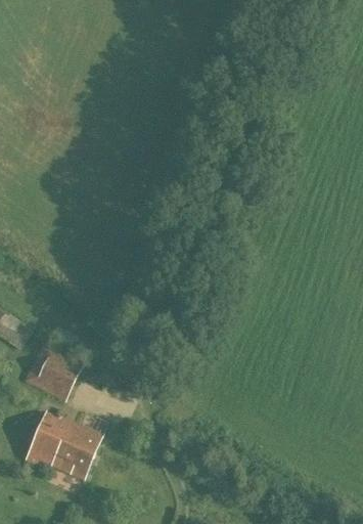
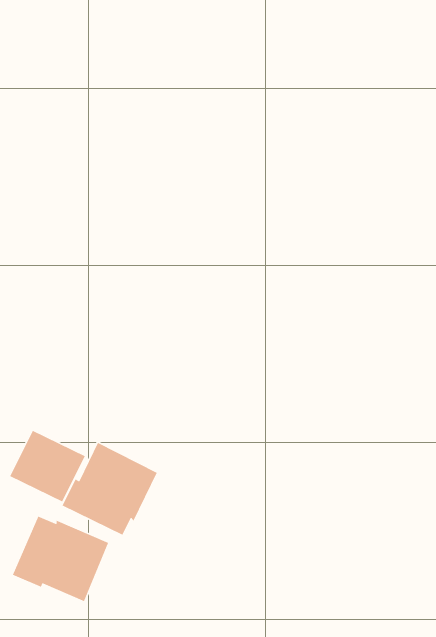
building: none -> [62,442,158,536]

